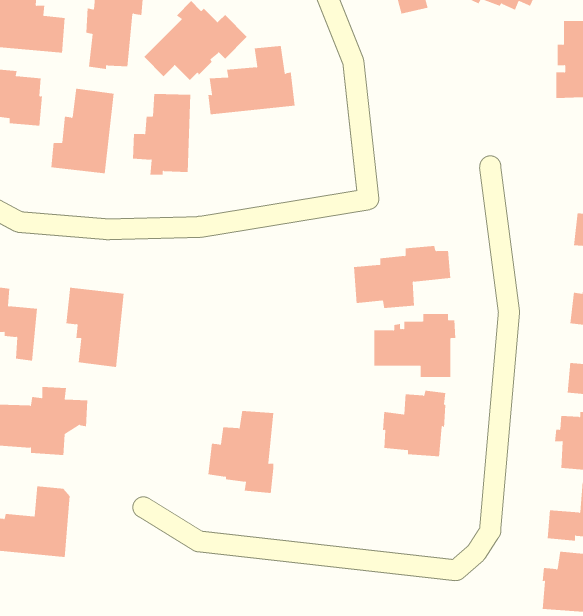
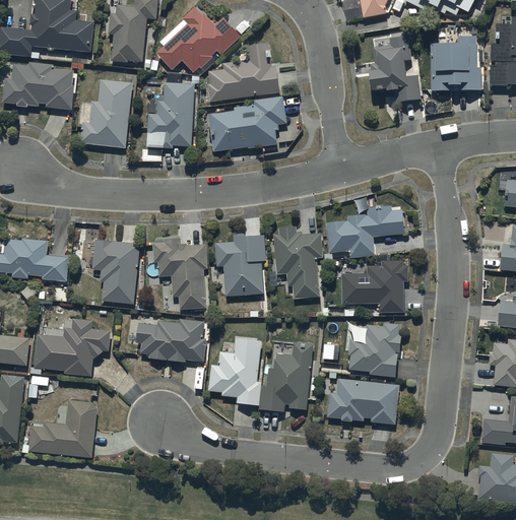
building: none -> [368,36,421,102]
building: none -> [430,37,482,91]
building: none -> [208,94,286,151]
building: none -> [273,226,322,298]
building: none -> [214,234,266,297]
building: none -> [152,237,207,309]
building: none -> [137,318,206,363]
building: none -> [259,342,313,411]
building: none -> [327,379,398,424]

